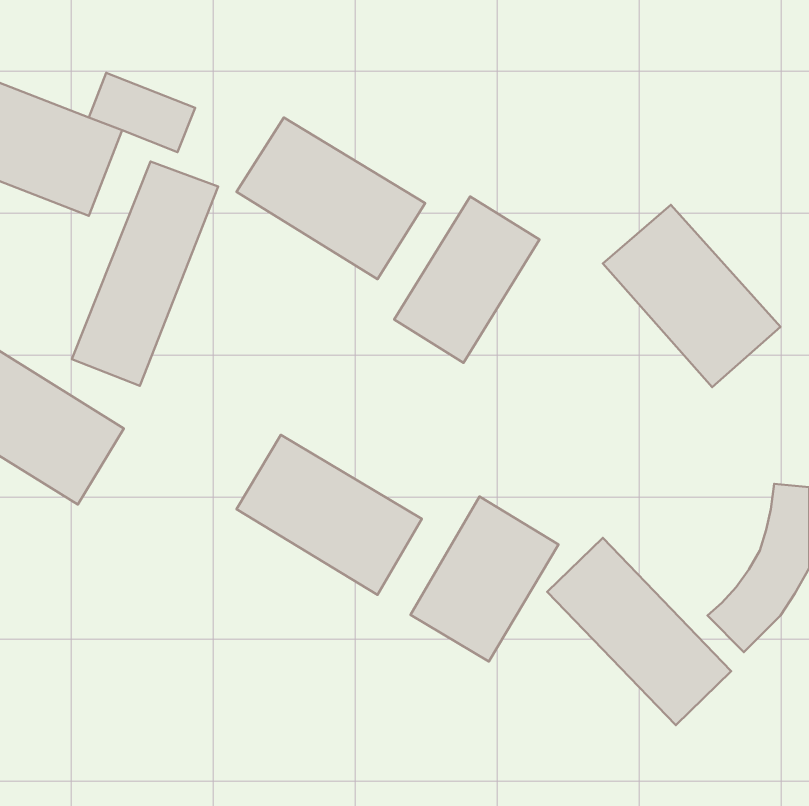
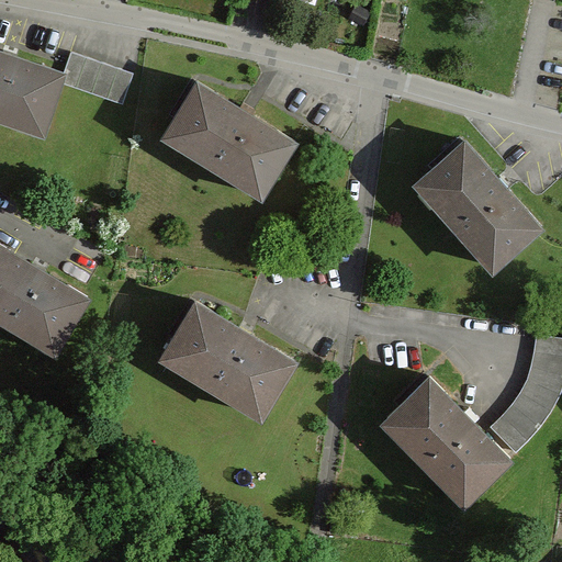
building: [72,162,218,386] -> none
building: [394,196,540,363] -> none
building: [411,497,558,661] -> none

